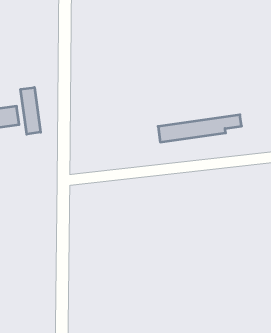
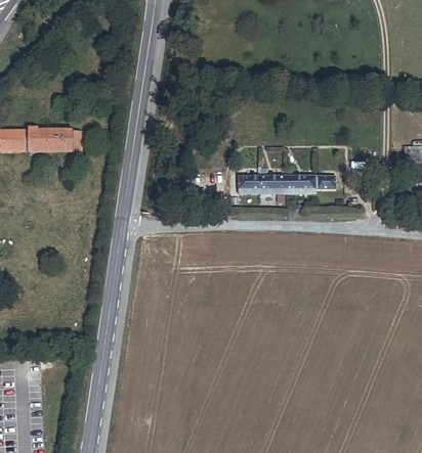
building: [21,87,41,134] -> none

